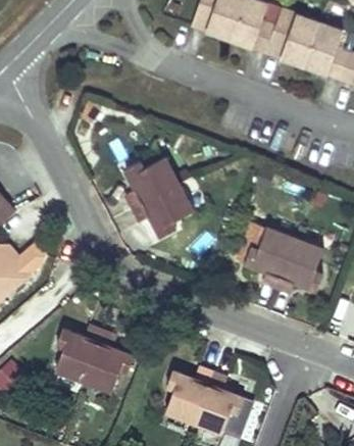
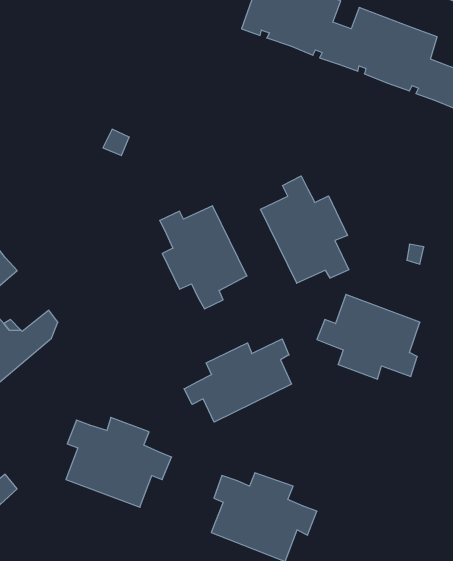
building: none -> [260,176,349,283]
building: none -> [184,339,292,422]

